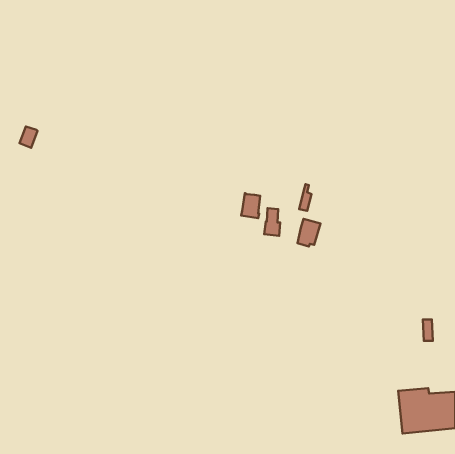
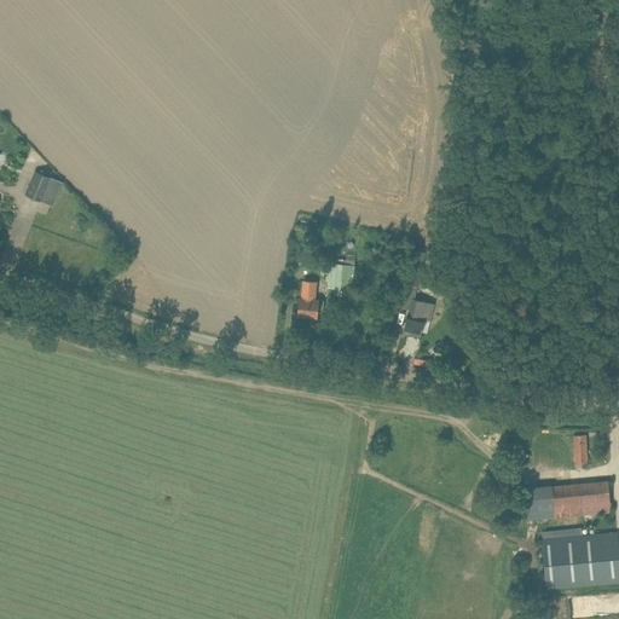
building: [264,208,280,236] -> [297,280,319,318]
building: none -> [525,481,612,519]

